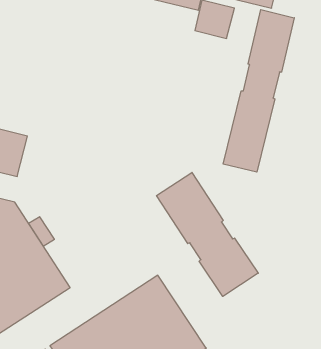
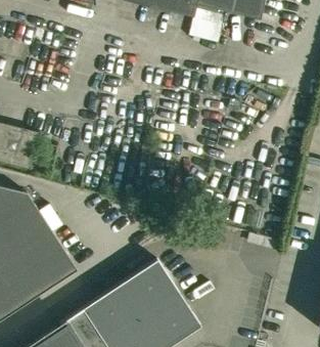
building: [223,10,294,172] -> none
building: [157,172,258,296] -> none

